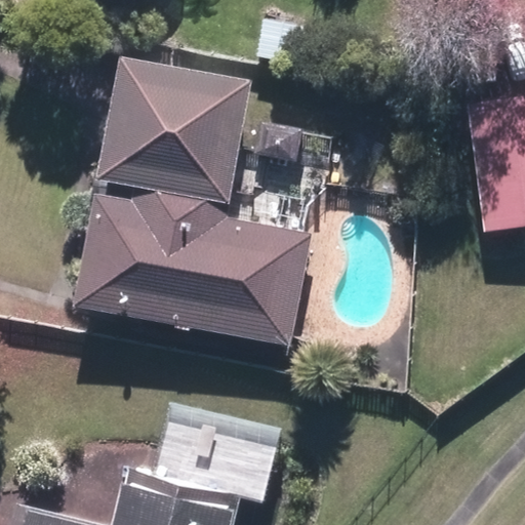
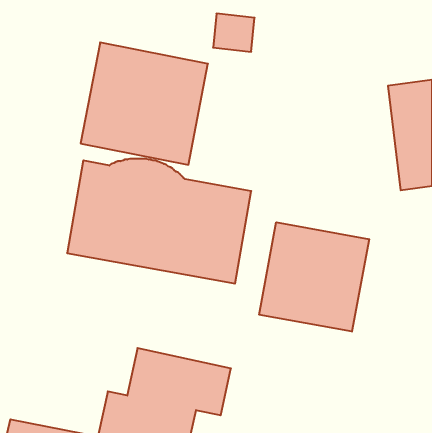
building: none -> [259,222,369,332]

